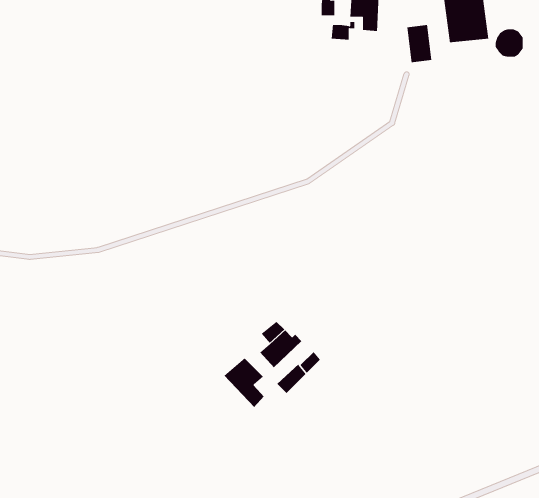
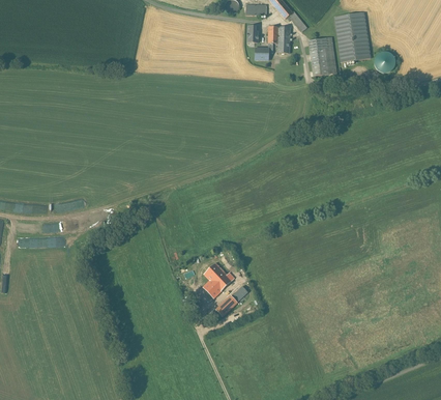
building: none -> [308,36,336,74]
building: [224,357,265,408] -> none

